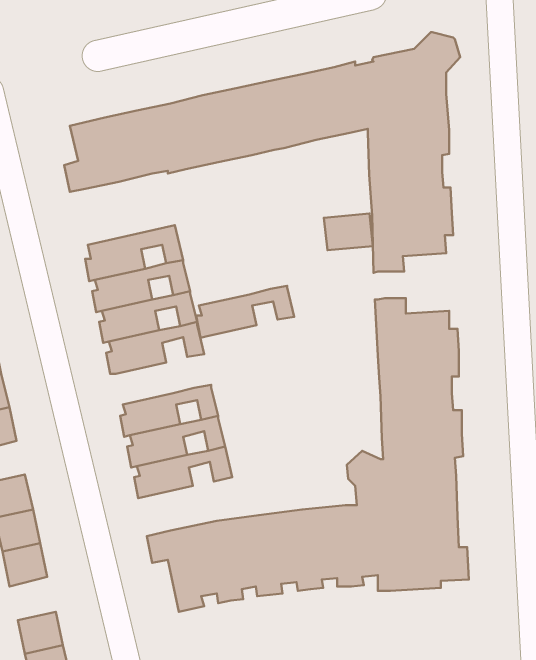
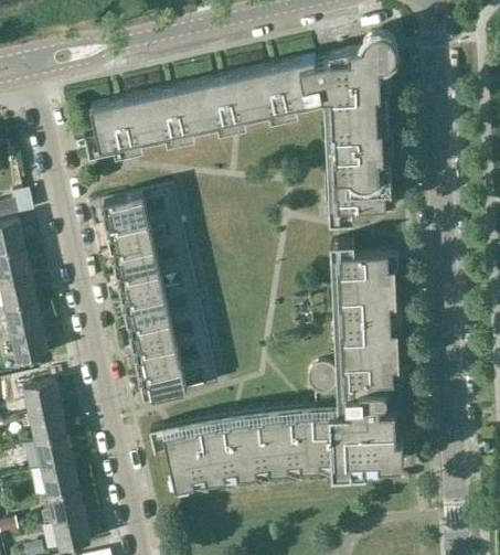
building: [324,214,373,250] -> none
building: [196,286,294,338] -> [124,287,201,328]
building: none -> [42,462,78,497]

